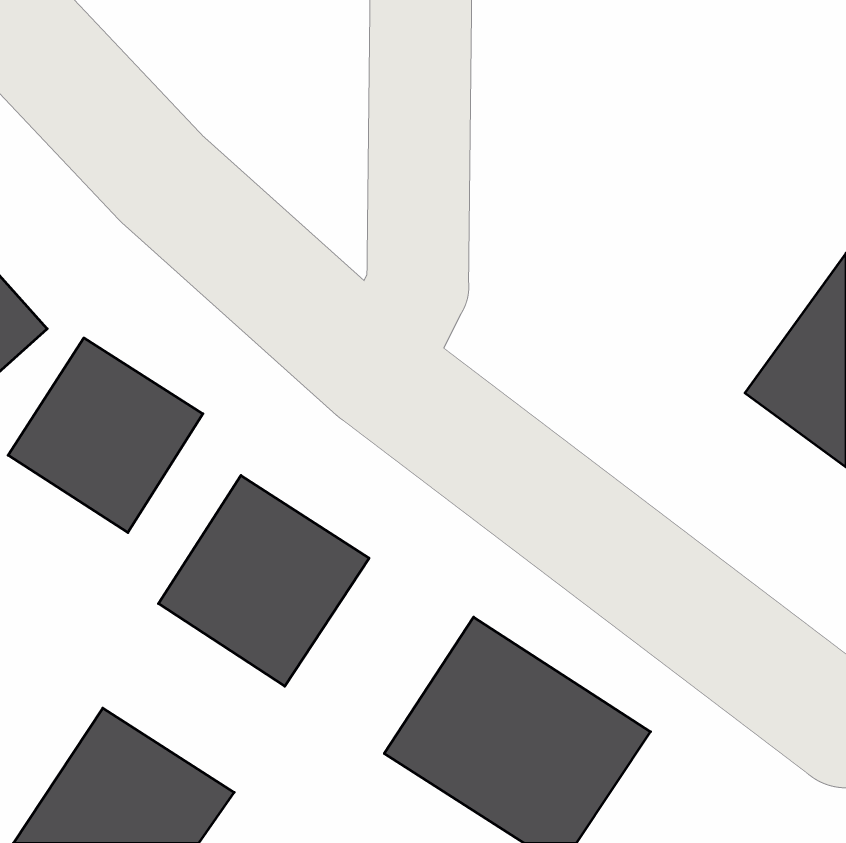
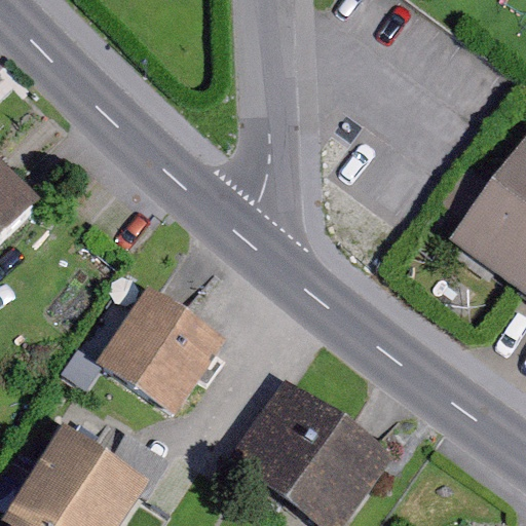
building: [8,338,203,533] -> none

